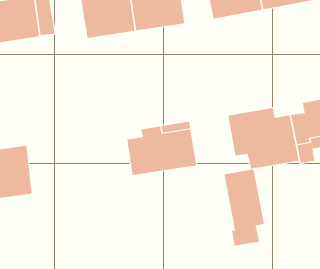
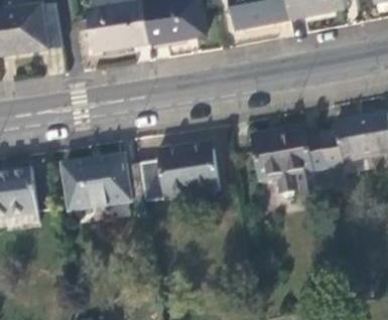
building: none -> [61,154,145,207]
building: [224,168,265,246] -> none

